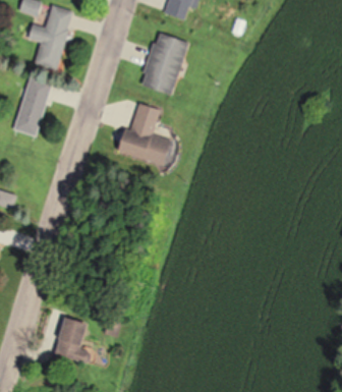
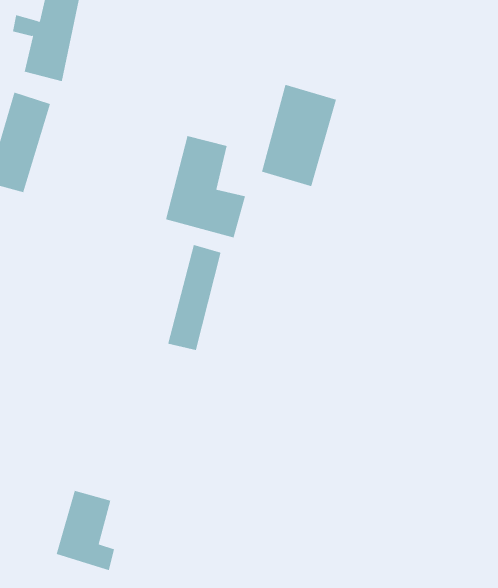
building: [141,32,187,94] -> [261,84,337,187]
building: none -> [167,244,221,351]

